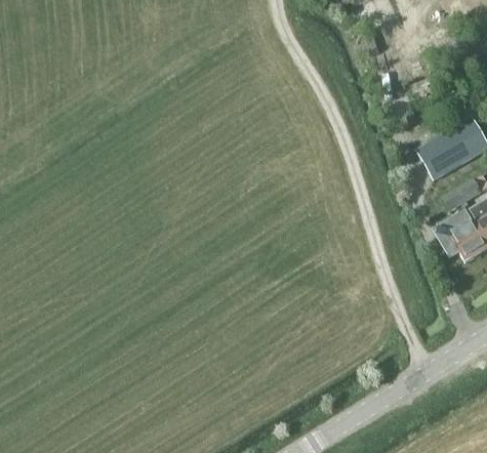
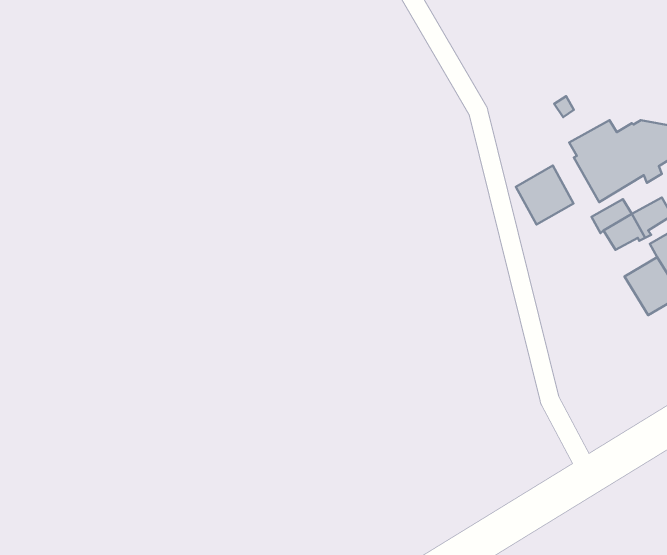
building: none -> [516,166,574,225]

